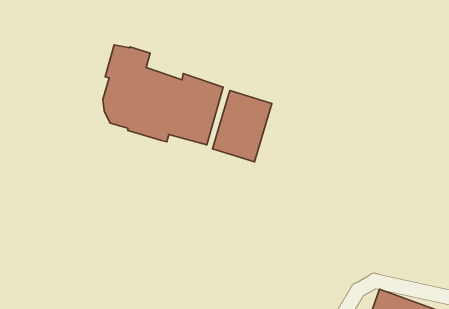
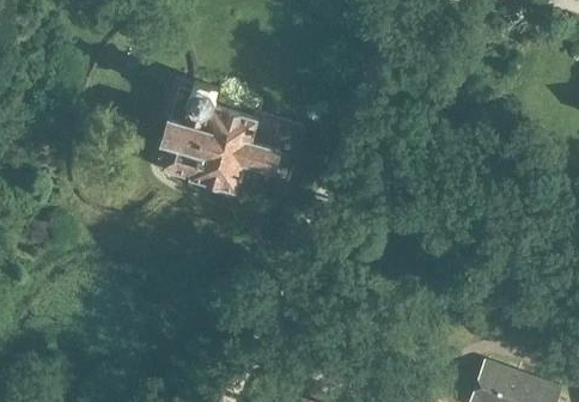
building: [212,91,272,162] -> none

